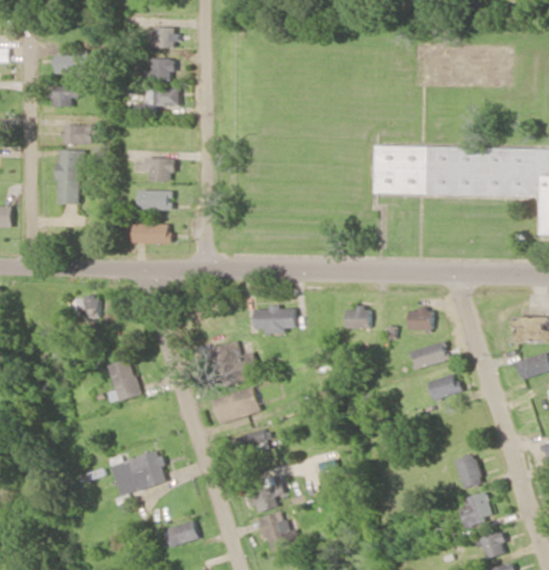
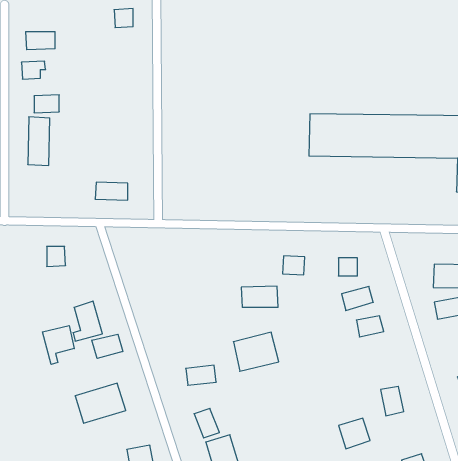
building: [148,57,172,81] -> none
building: [146,87,177,105] -> none
building: [143,157,171,180] -> none
building: [136,190,171,209] -> none
building: [252,306,294,330] -> [241,286,278,307]
building: [210,341,258,385] -> none
building: none -> [42,326,74,364]
building: [212,386,264,430] -> [233,332,279,371]
building: none -> [92,334,123,358]
building: [457,491,493,526] -> [339,418,370,449]

